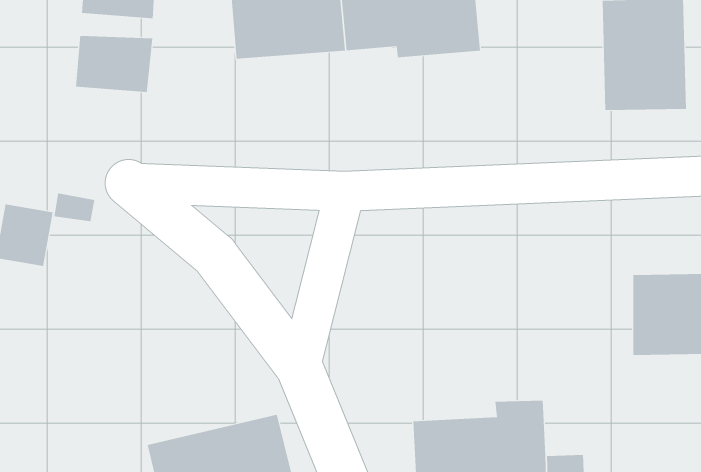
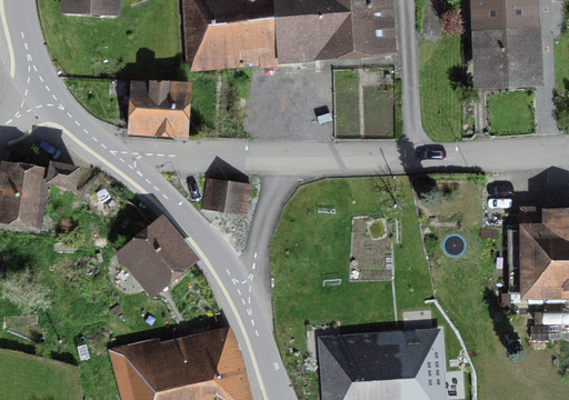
building: [75,35,153,92] -> [126,89,188,134]
building: none -> [204,178,247,212]
building: none -> [117,218,188,290]

